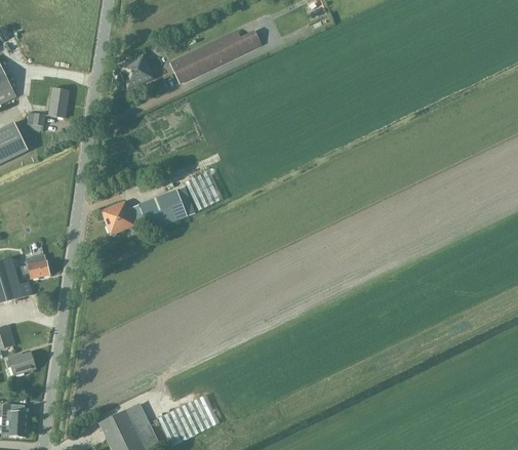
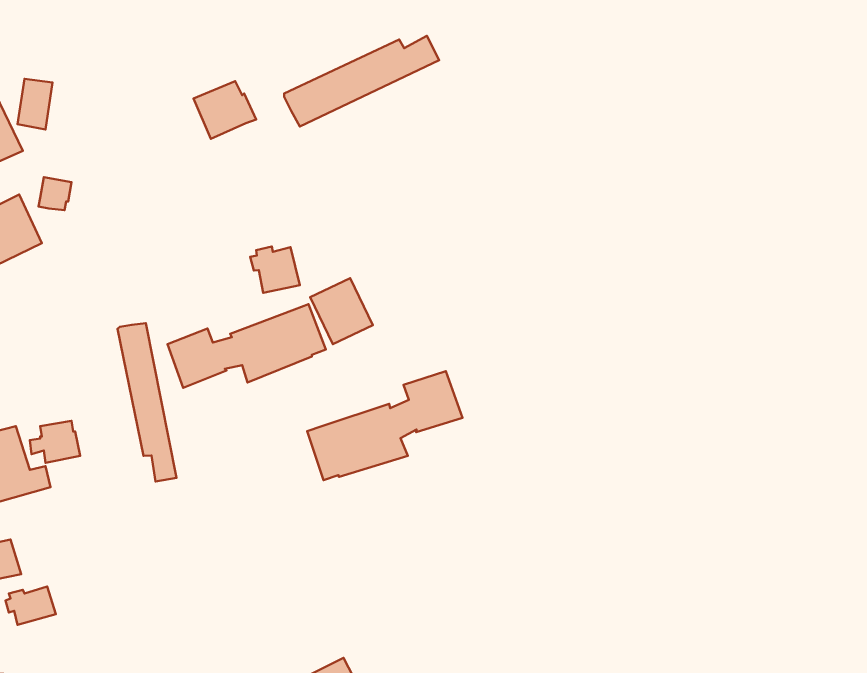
building: [48,87,69,117] -> [18,79,53,129]
building: none -> [250,247,300,293]
building: none -> [118,323,177,481]
building: none -> [307,371,462,480]

